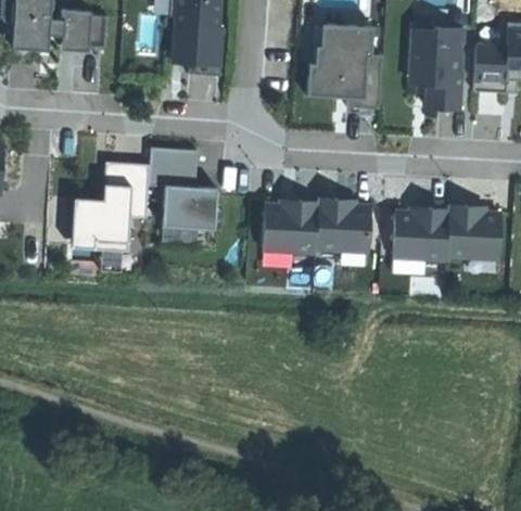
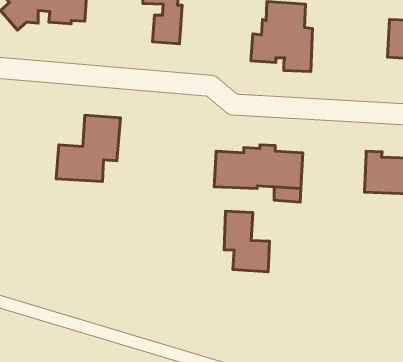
building: [410,28,462,111] -> none
building: [149,148,217,229] -> none
building: [392,208,447,258] -> none
building: none -> [224,211,269,272]

